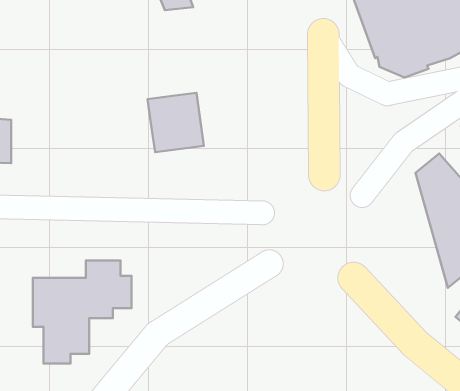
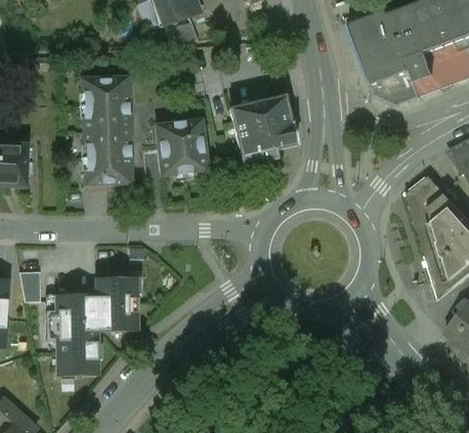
building: none -> [81,77,131,184]
building: none -> [229,95,297,166]
building: none -> [23,267,44,298]

